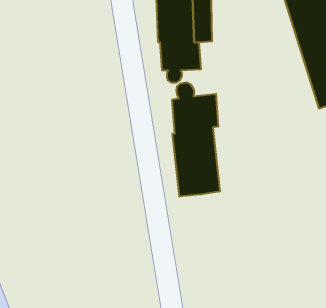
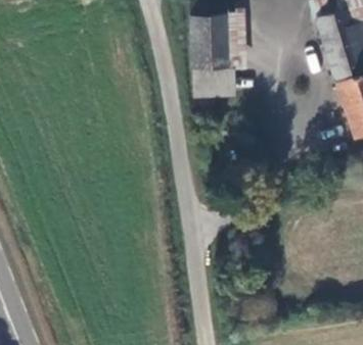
building: [172,82,220,197] -> none

